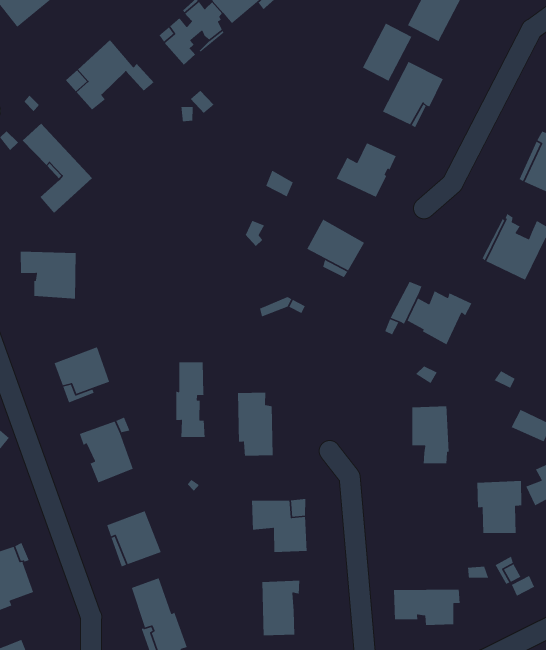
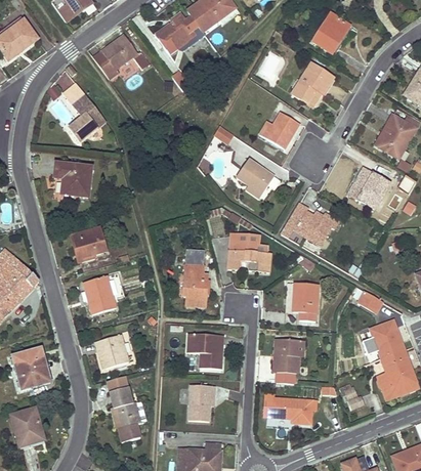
building: [362,22,412,82] -> none
building: none -> [227,243,270,271]
building: [176,362,205,438] -> none
building: [477,480,522,534] -> [275,339,304,374]

